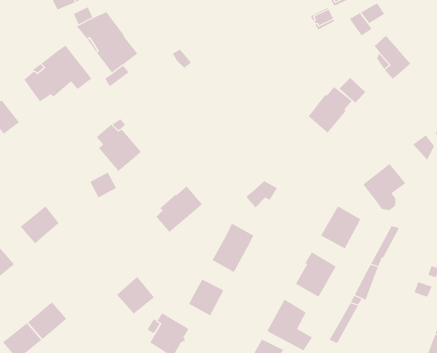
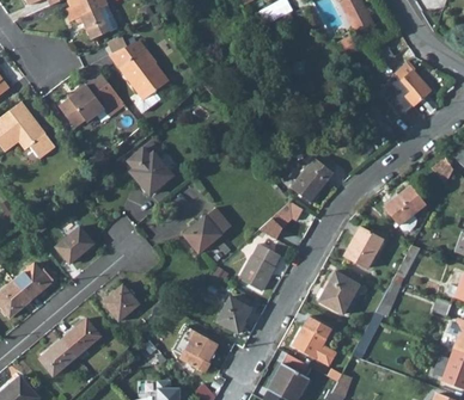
building: [308,86,353,134] -> [291,159,334,204]
building: [116,276,155,315] -> [102,284,139,321]

